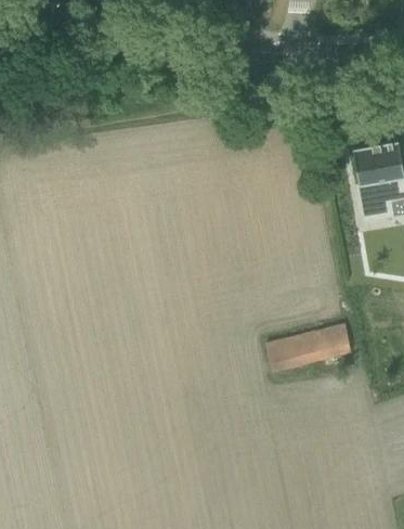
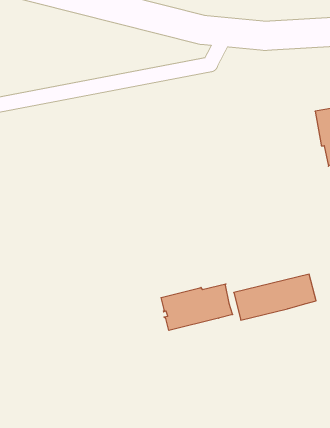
building: none -> [161,284,233,330]

